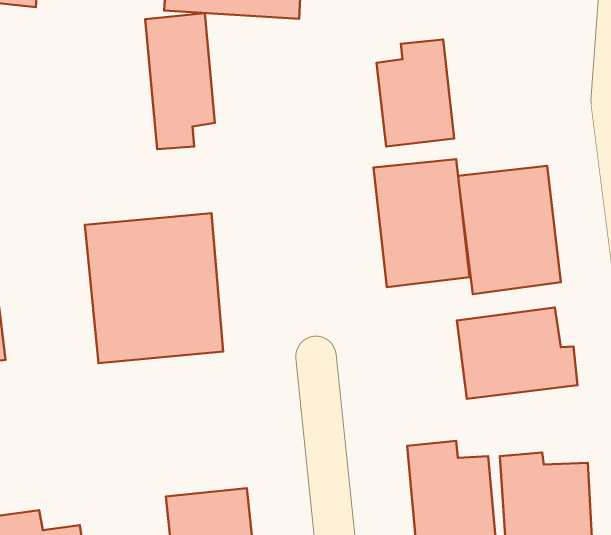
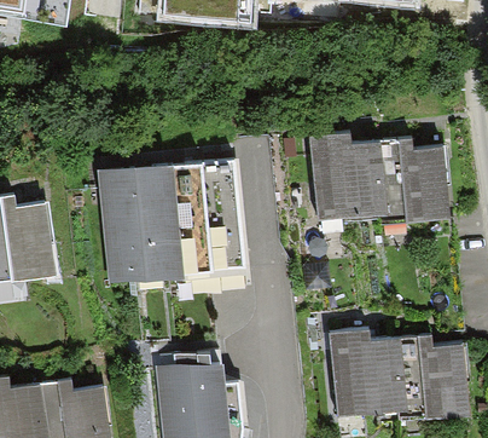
building: [145,13,215,149] -> none
building: [377,40,454,147] -> none
building: [457,307,577,399] -> none

